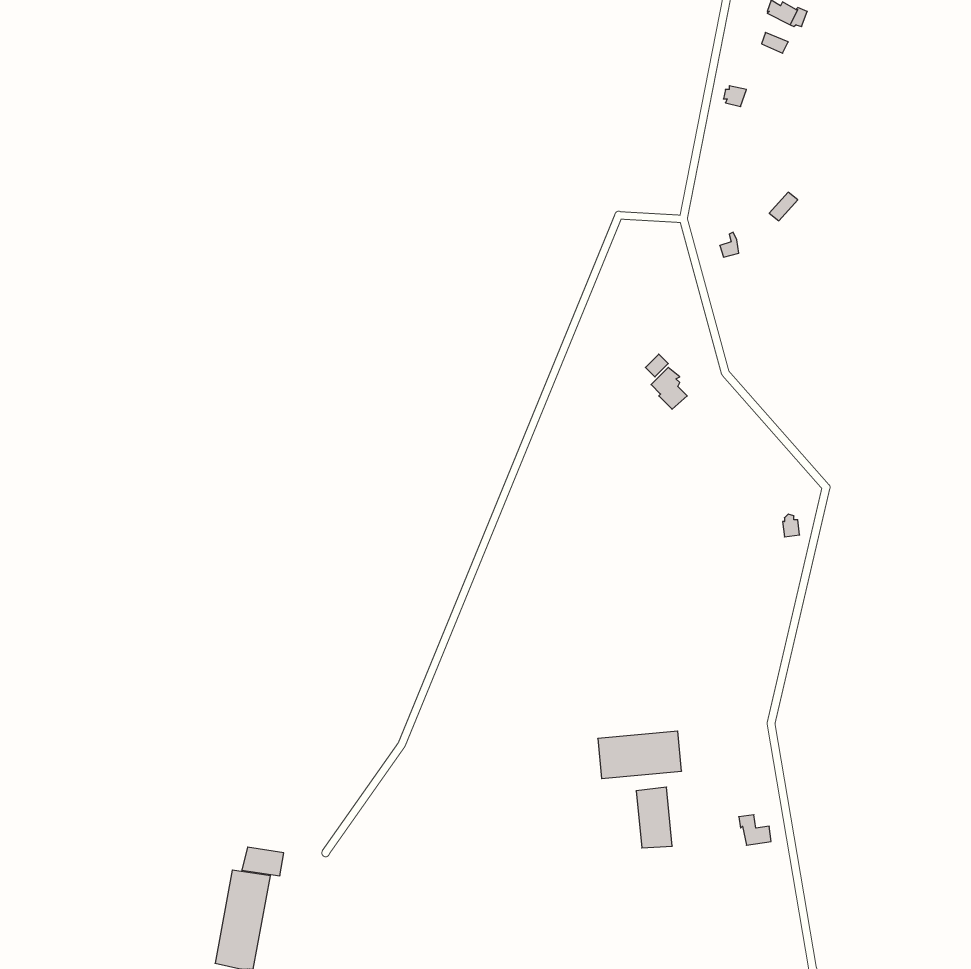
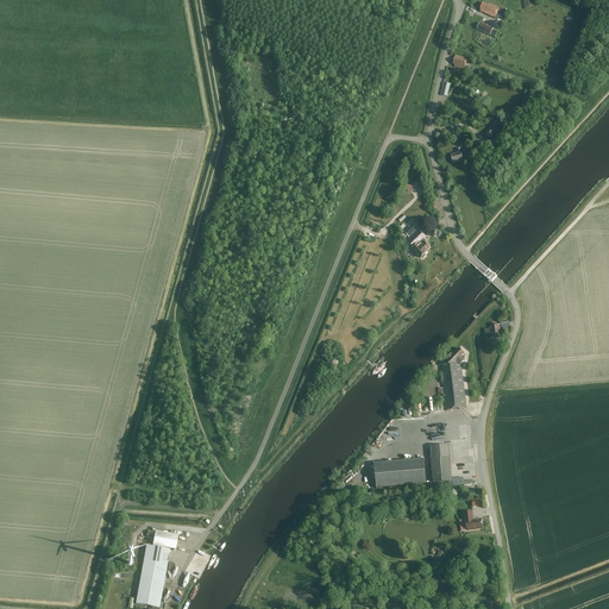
building: none -> [440,346,465,408]
building: [636,787,672,848] -> [428,442,451,481]

